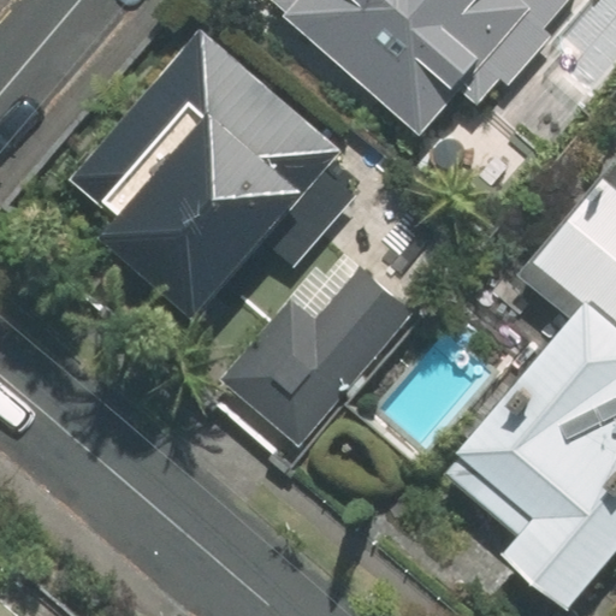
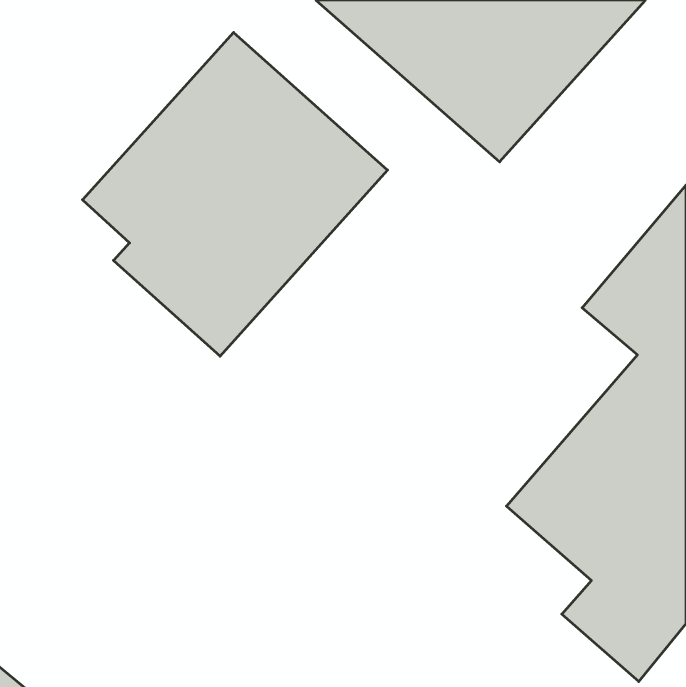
building: [220,260,415,448] -> none

